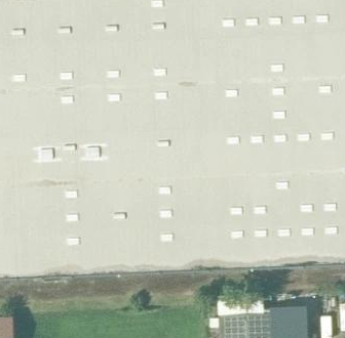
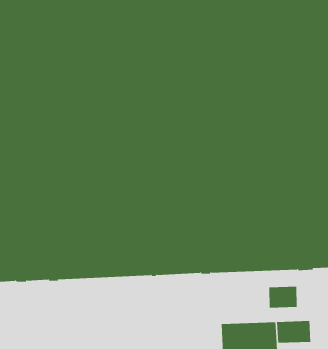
building: none -> [269,286,297,309]

